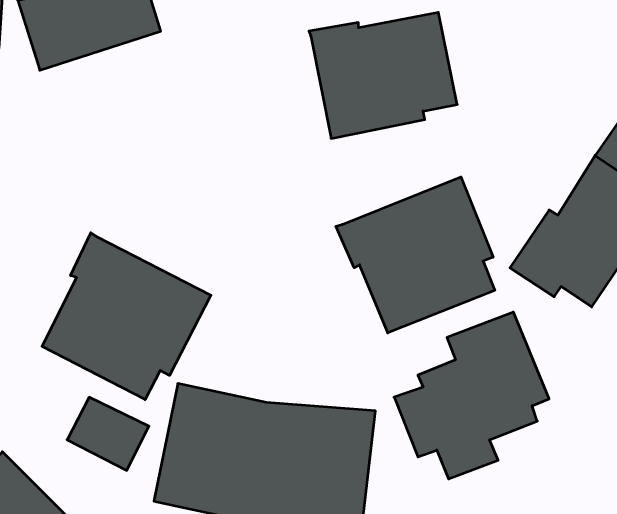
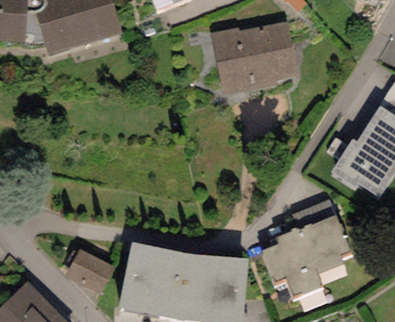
building: [336,177,495,333] -> none
building: [42,233,211,400] -> none

